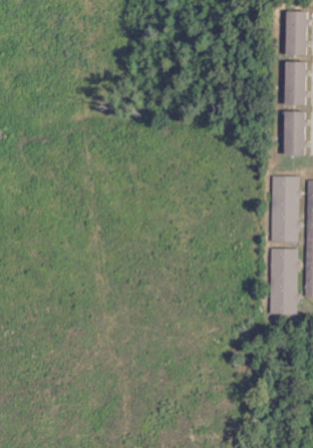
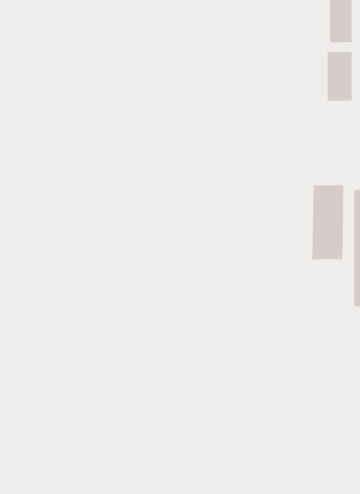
building: [284,112,304,155] -> none
building: [270,249,298,315] -> none

